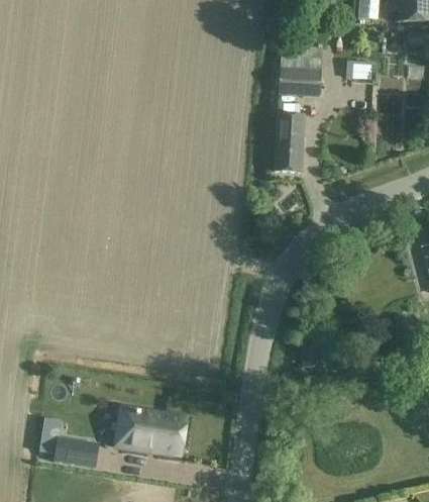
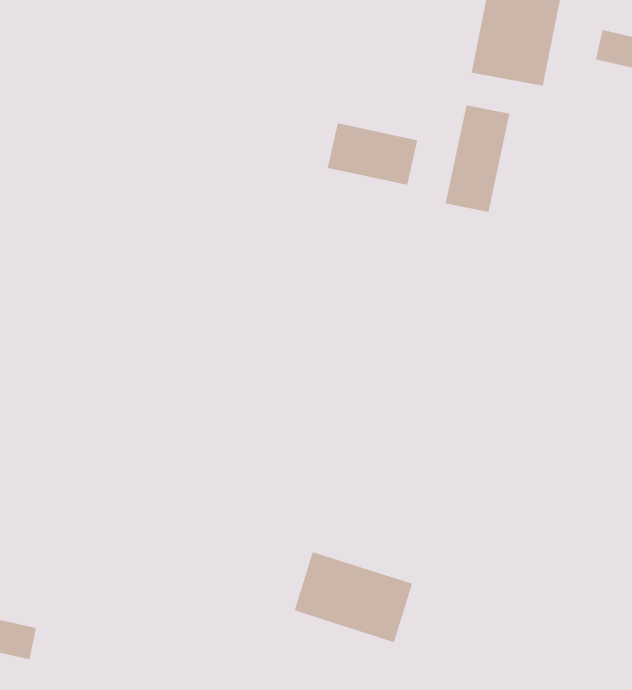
building: none -> [327,123,418,185]
building: [122,409,186,453] -> [294,551,413,643]

